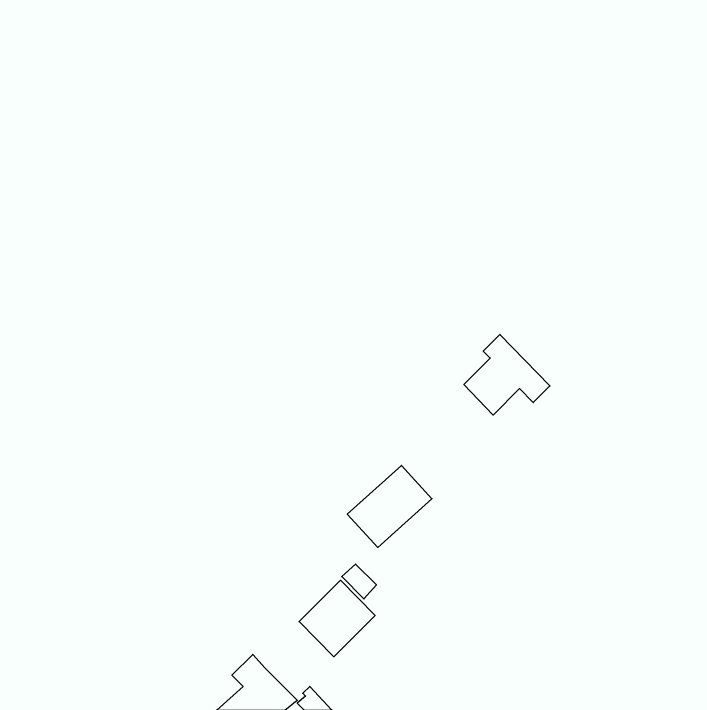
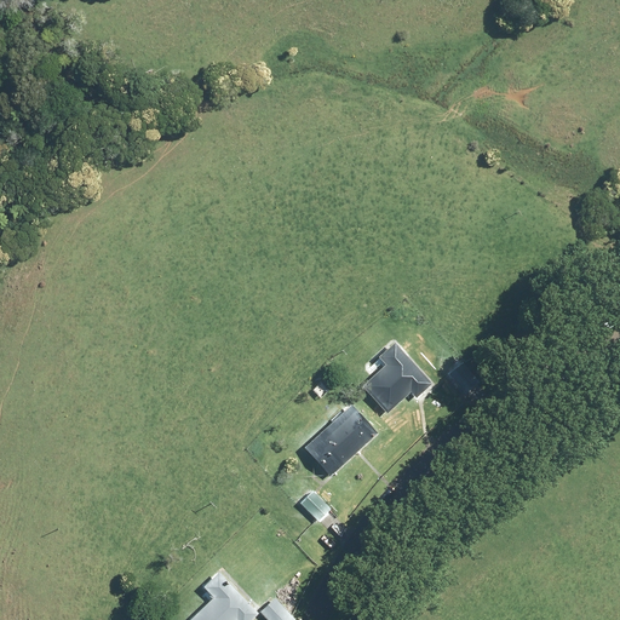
building: [464,334,550,415] -> [361,344,436,414]
building: [299,580,375,657] -> none

